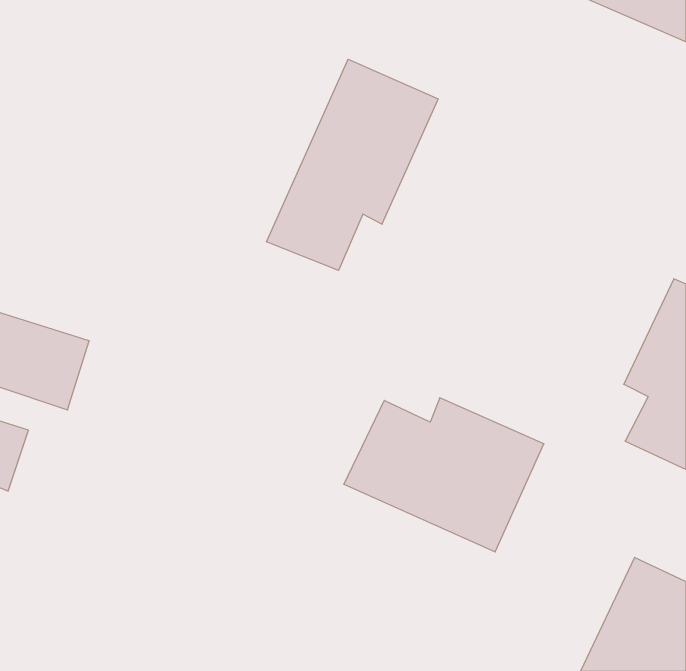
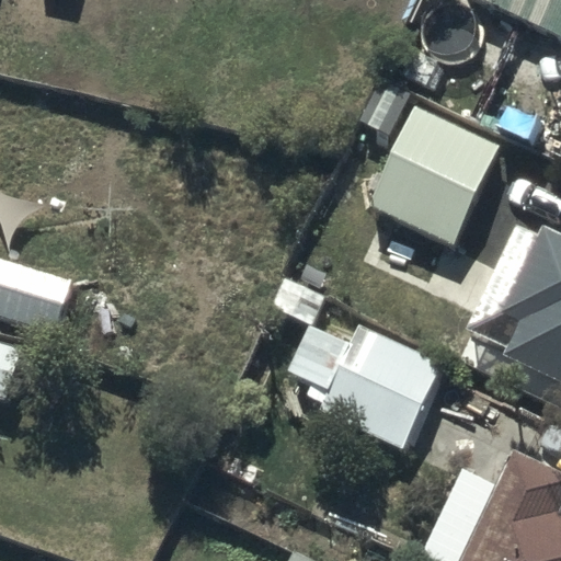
building: [267,59,438,270] -> none
building: none -> [367,106,500,248]

